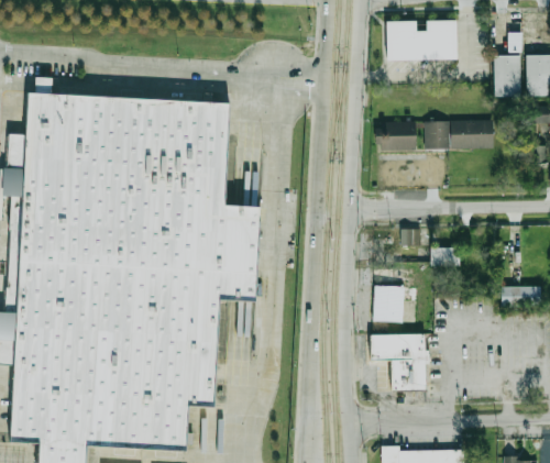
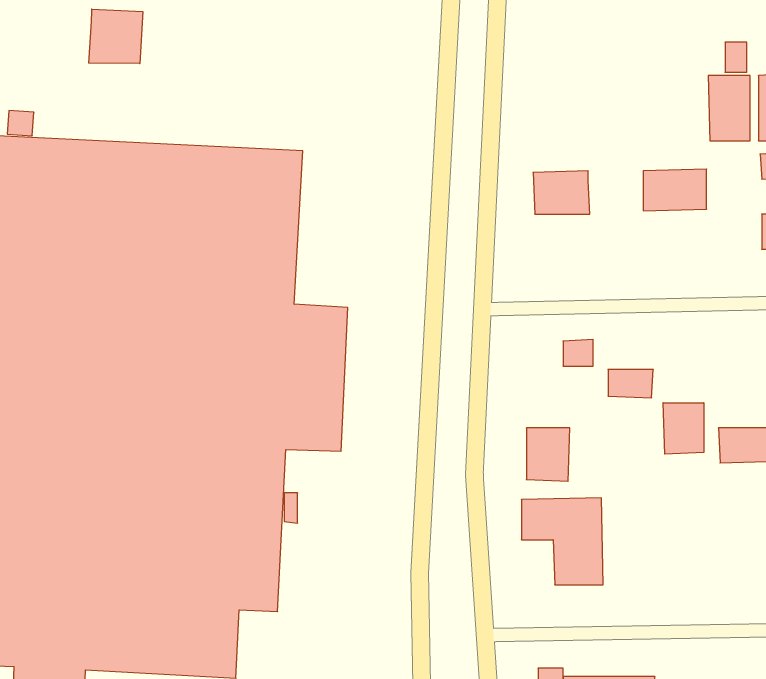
building: none -> [89,9,143,64]
building: [386,20,457,60] -> none
building: [426,115,451,143] -> none
building: none -> [663,403,704,454]

